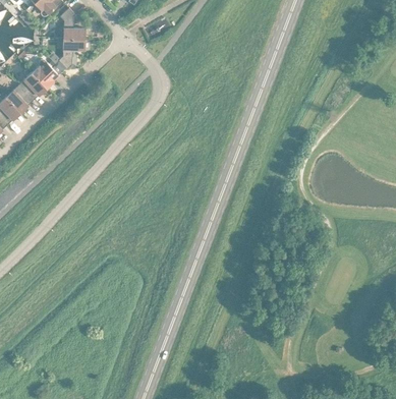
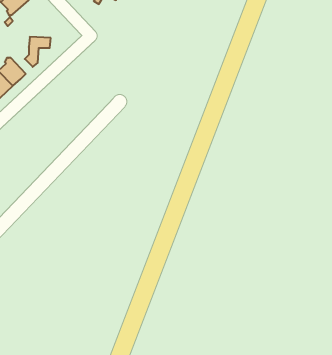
building: [59,8,84,40] -> none

